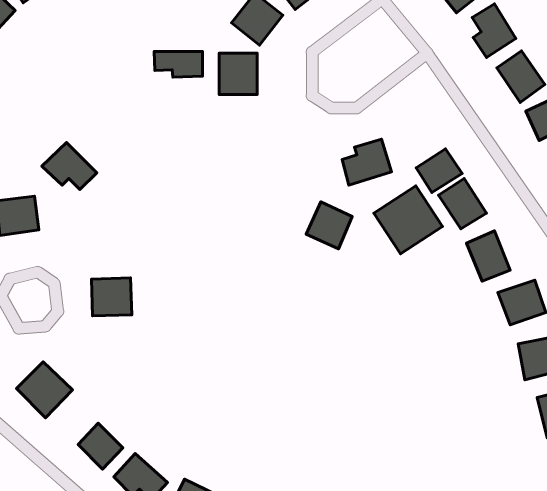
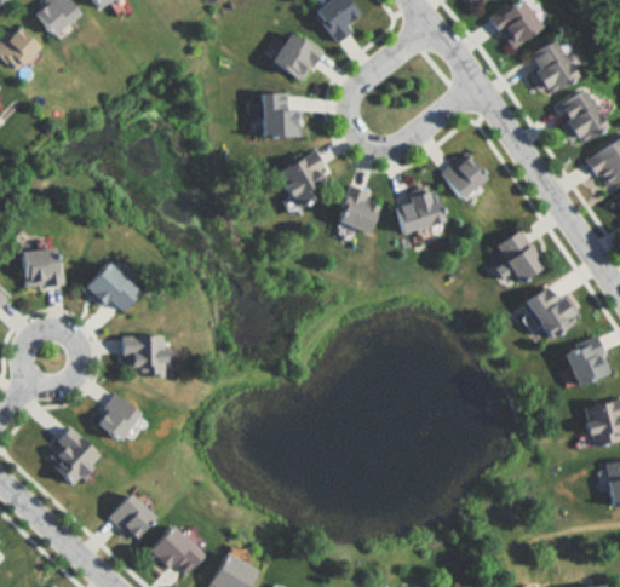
building: [154,51,203,77] -> none
building: none -> [276,151,333,207]
building: [42,143,97,190] -> [79,261,138,312]
building: [416,149,462,193] -> [442,151,492,198]
building: [374,186,442,254] -> none
building: [306,202,352,249] -> [332,185,381,236]
building: none -> [90,395,147,443]

